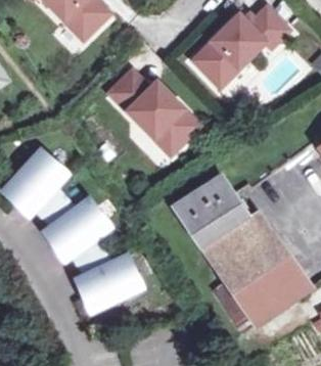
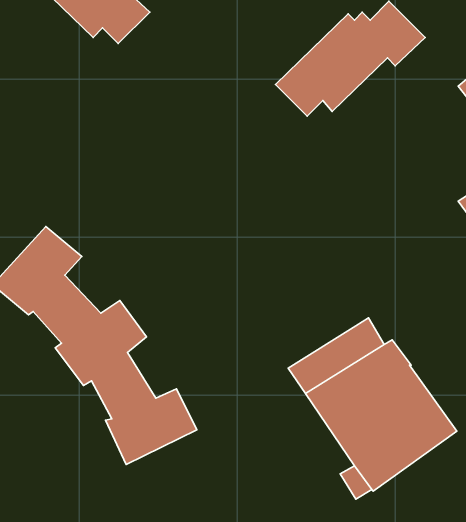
building: [108,72,200,147] -> none
building: [174,178,244,245] -> none

